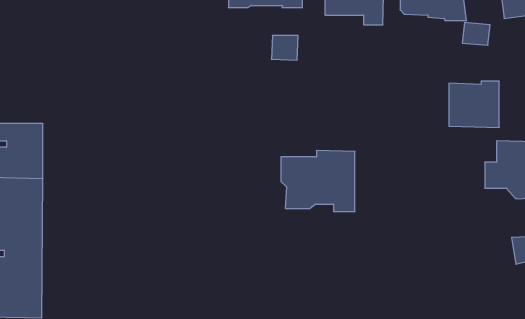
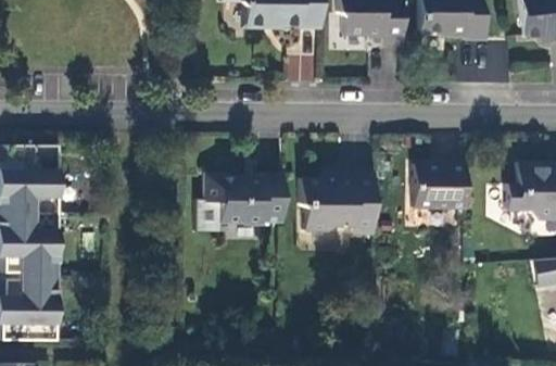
building: [449,81,499,127] -> [413,162,464,209]
building: none -> [204,174,283,225]

